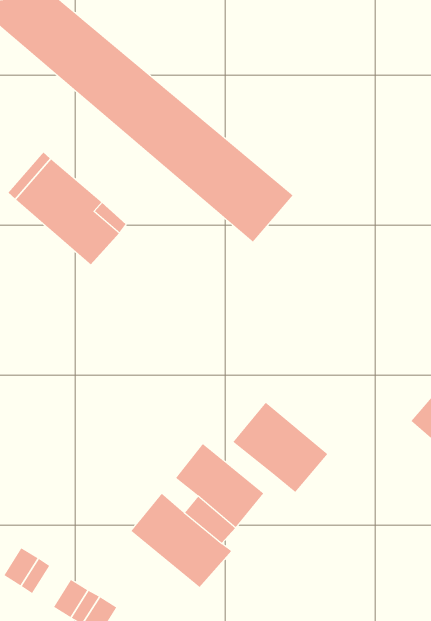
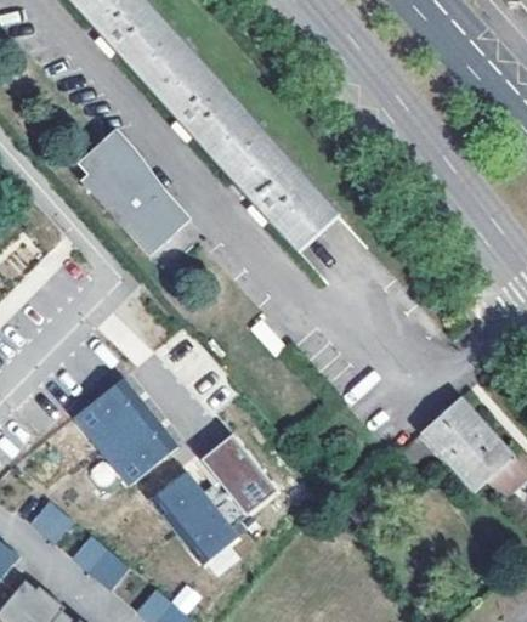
building: [233,402,328,493] -> none
building: none -> [72,378,176,486]

